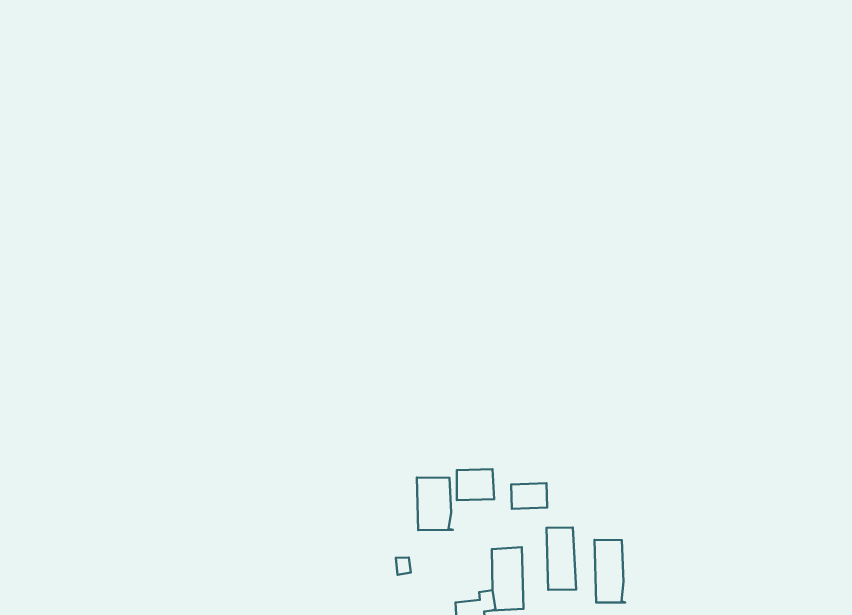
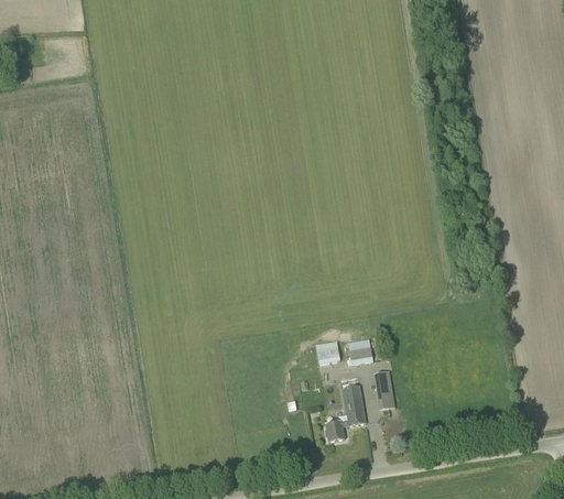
building: [417,478,453,530] -> none
building: [594,540,625,602] -> none

